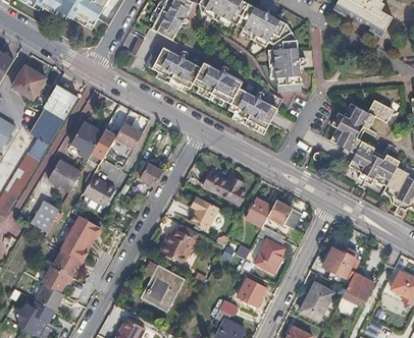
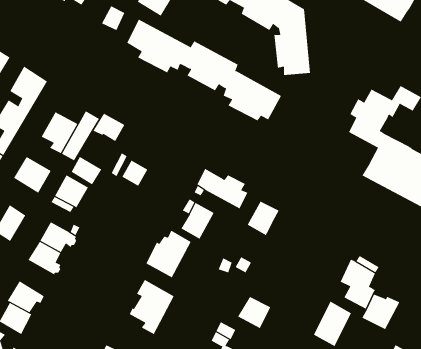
building: [268,199,302,227] -> none
building: [255,224,284,271] -> none
building: [53,247,84,275] -> none

